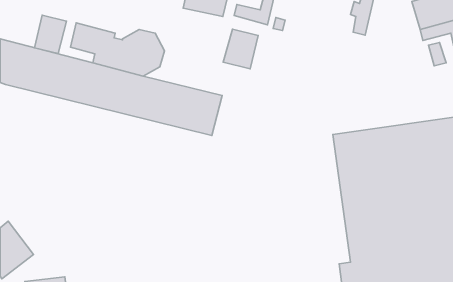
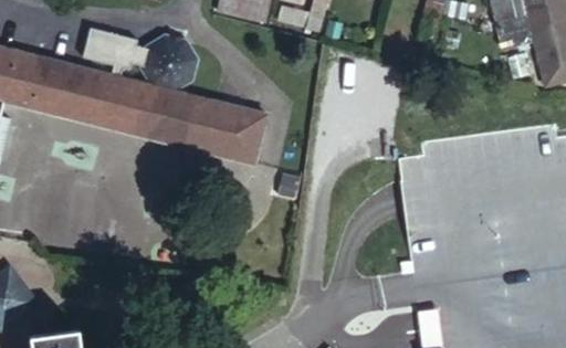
building: [35,15,66,53] -> none
building: [223,29,258,69] -> none

